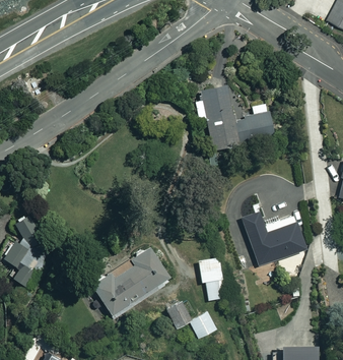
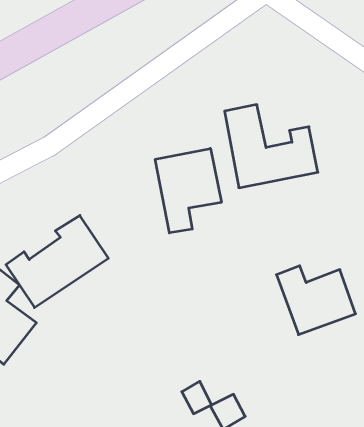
building: none -> [155,148,221,233]
building: [91,247,171,319] -> [6,215,108,308]
building: [199,258,224,309] -> none

